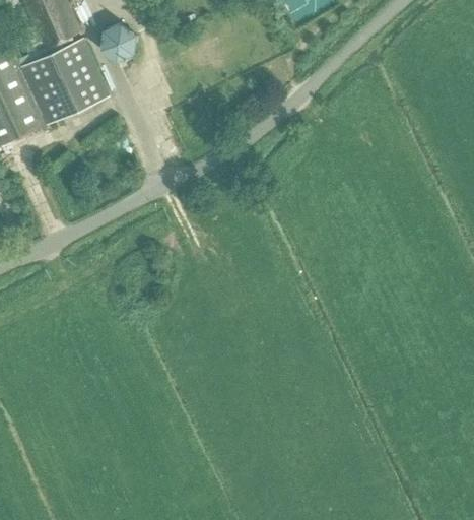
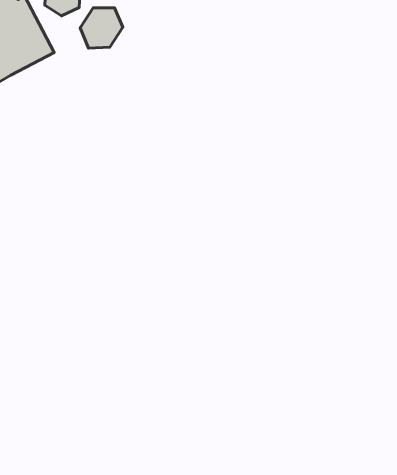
building: none -> [80,8,123,48]

